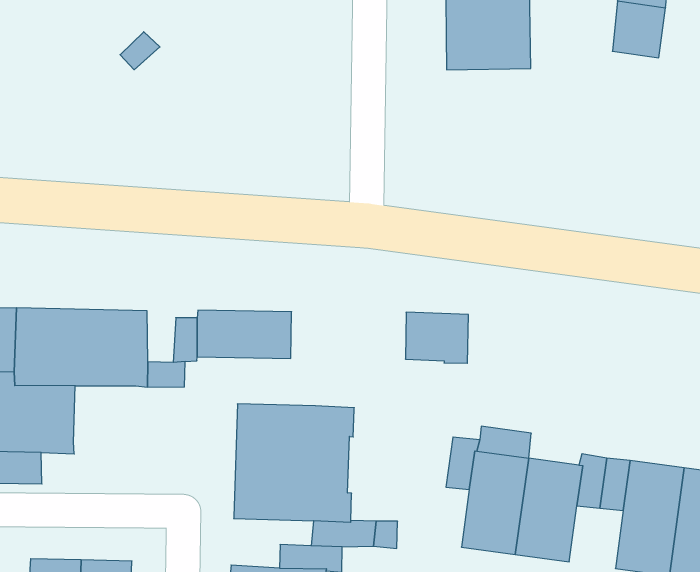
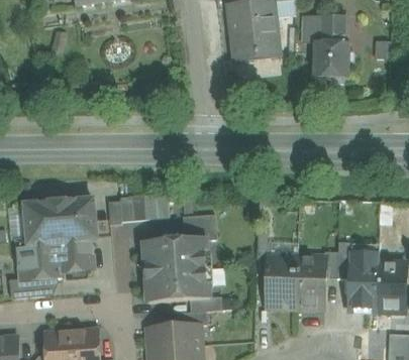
building: none -> [314,40,349,81]
building: [405,312,468,363] -> [183,213,217,239]
building: none -> [60,238,93,270]

